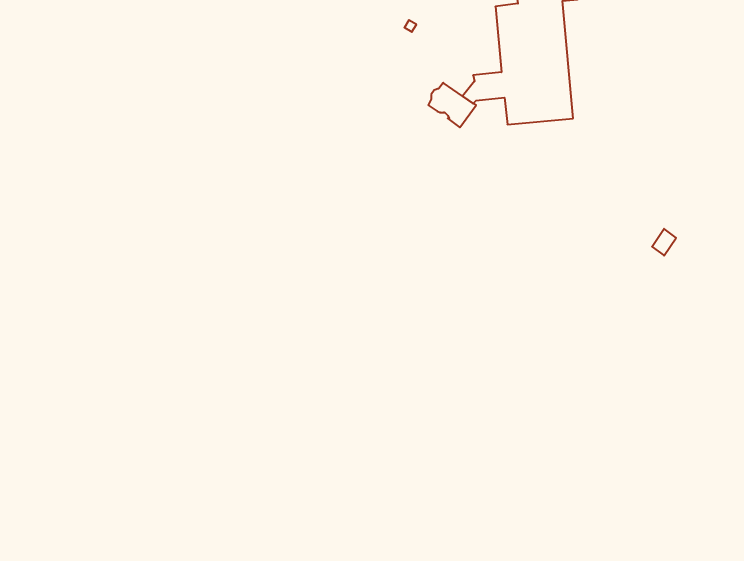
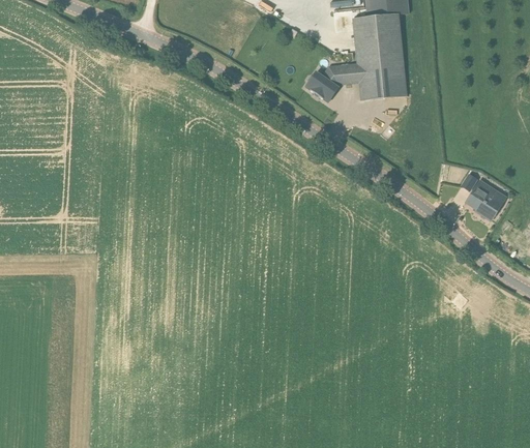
building: none -> [466,183,502,218]

